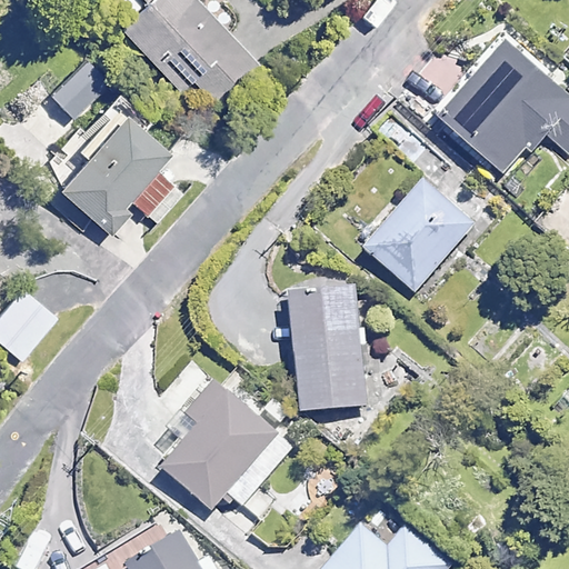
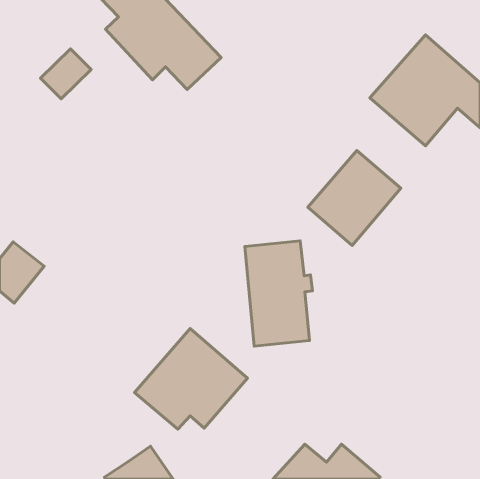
building: [56,114,179,230] -> none

